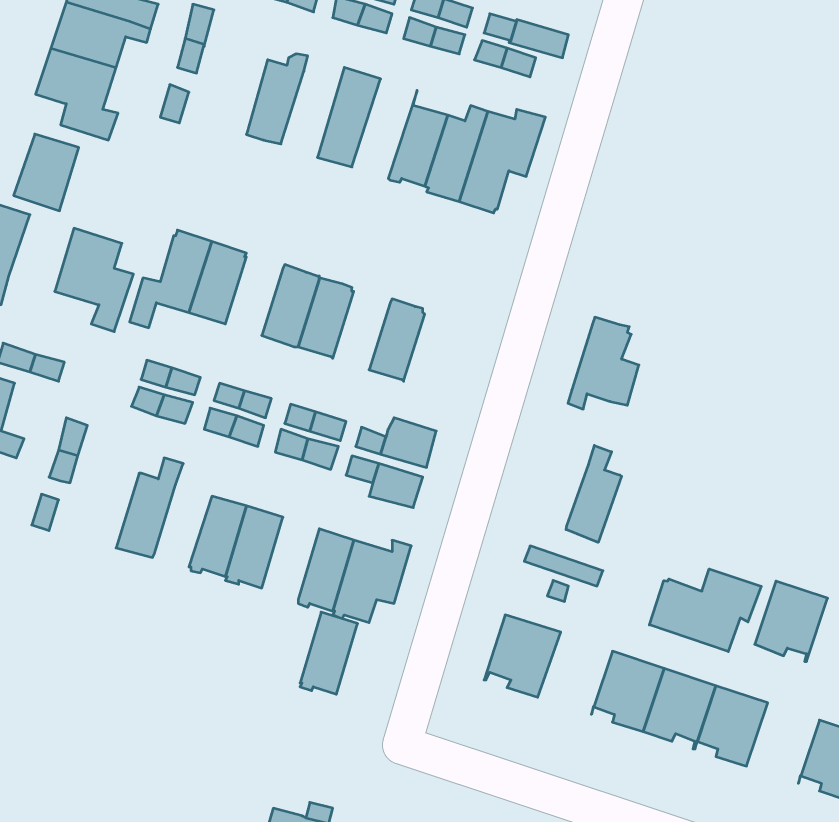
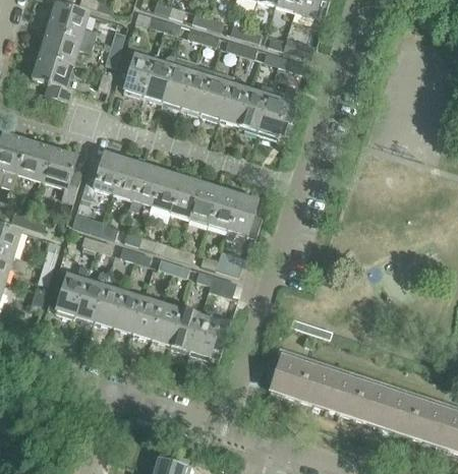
building: none -> [117,46,154,99]
building: none -> [161,57,194,111]
building: none -> [198,69,233,122]
building: [14,134,79,211] -> [16,141,51,182]
building: none -> [129,164,162,212]
building: none -> [188,180,220,224]
building: [568,317,639,409] -> [224,191,262,240]
building: [566,445,622,542] -> none
building: none -> [50,264,89,318]
building: none -> [94,285,124,329]
building: [649,569,761,652] -> none
building: [755,581,828,661] -> [408,401,447,443]
building: [300,612,358,694] -> [151,302,181,346]
building: none -> [297,363,337,407]

